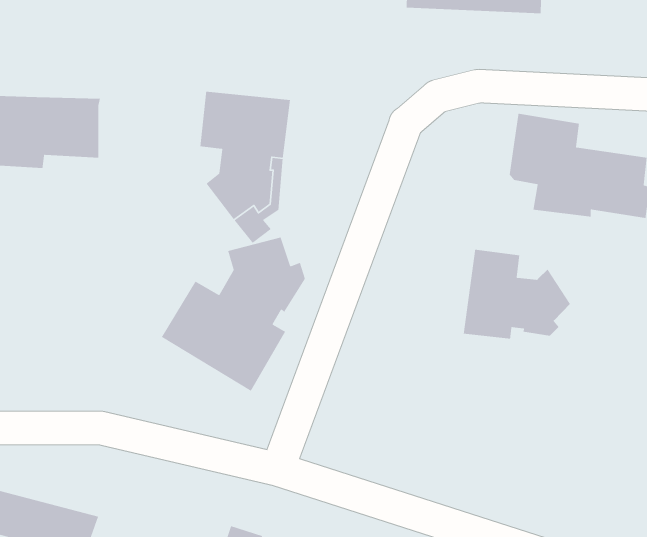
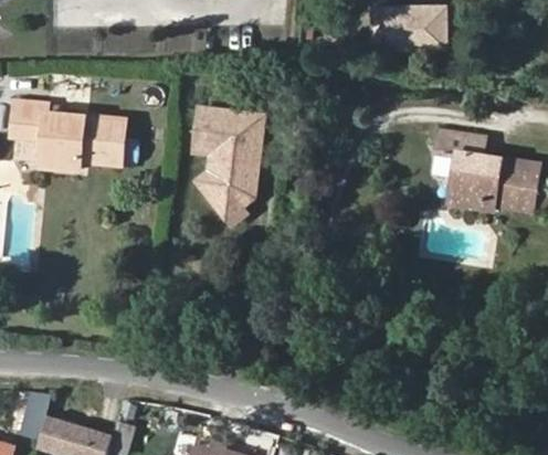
building: [161,237,306,392] -> none
building: [463,249,571,340] -> none

